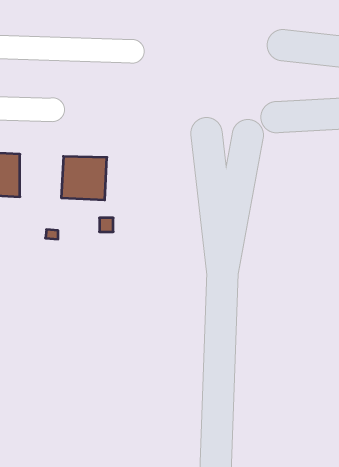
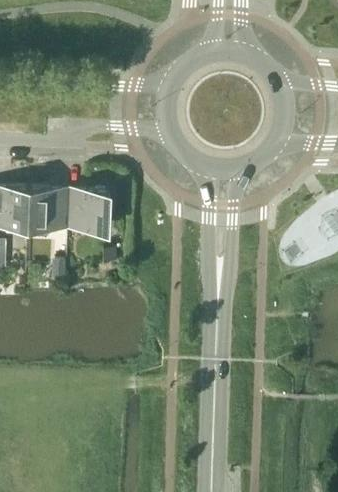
building: none -> [27,190,68,231]

